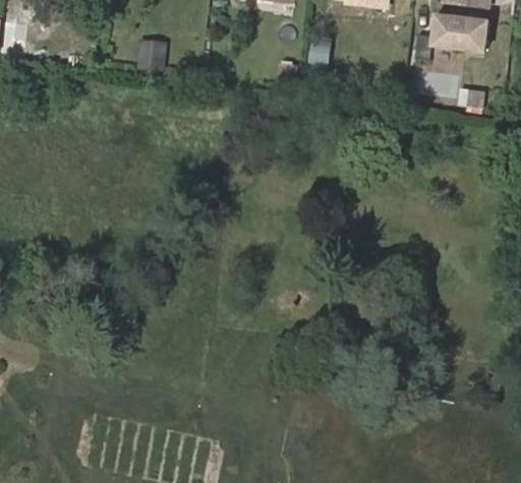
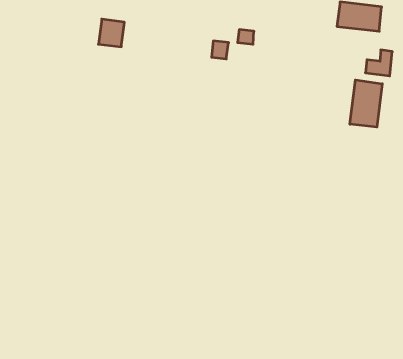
building: none -> [350,80,382,127]

